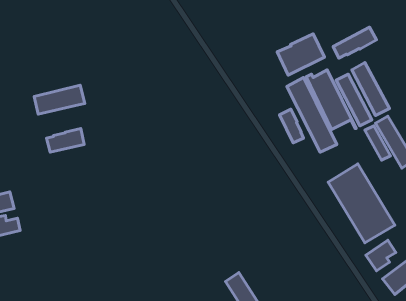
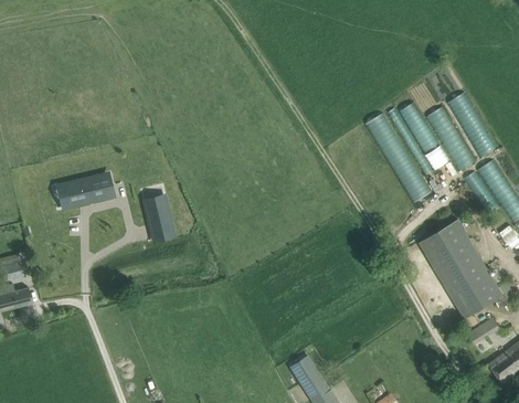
building: [333,27,377,58] -> none
building: [277,34,324,75] -> none
building: [34,85,85,114] -> none
building: [279,109,303,143] -> none
building: none -> [144,195,172,241]

